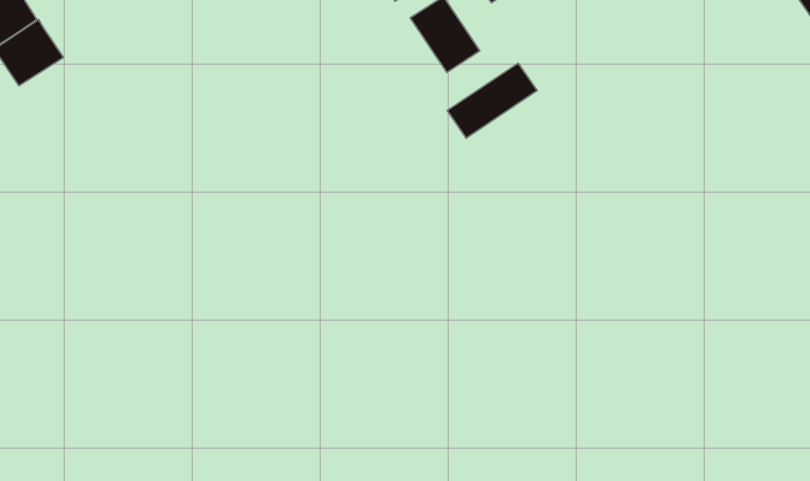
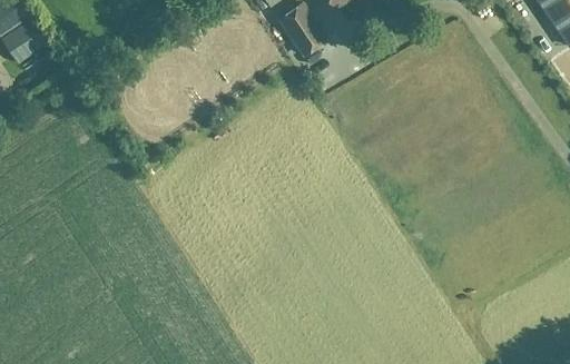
building: [447,63,537,138] -> none

